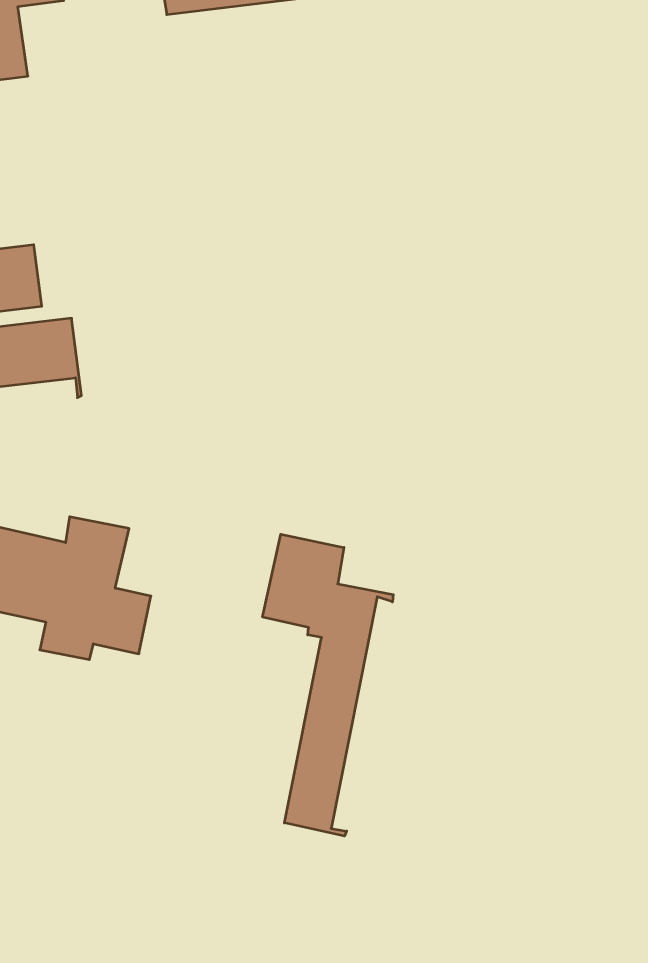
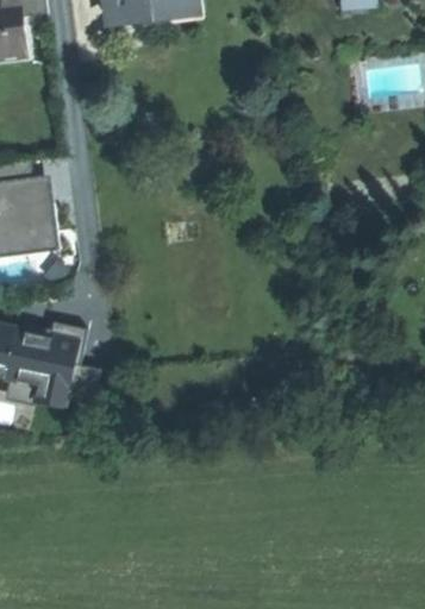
building: [263,534,393,836] -> none

